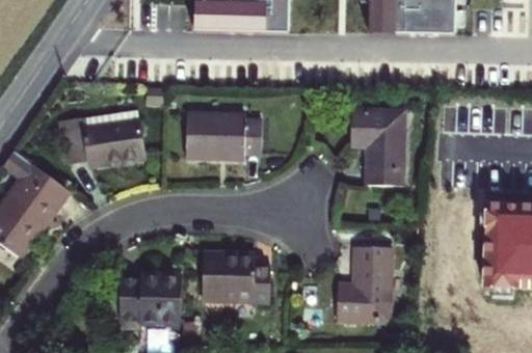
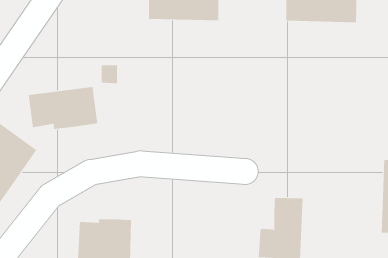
building: [351,109,404,185] -> none
building: [187,113,261,158] -> none
building: [202,252,269,300] -> none

